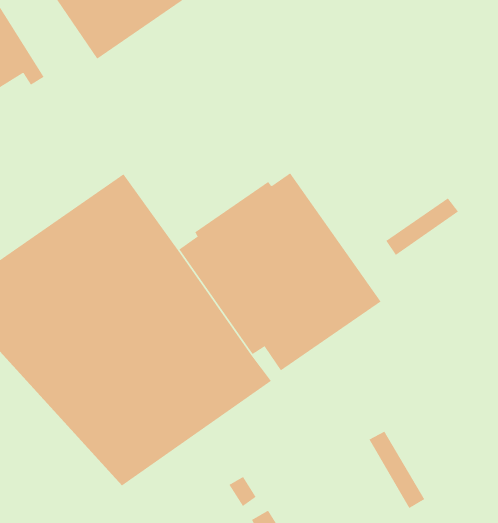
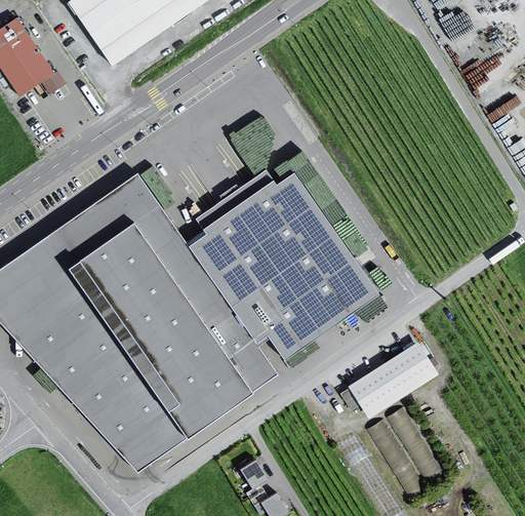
building: [385,198,459,256] -> none
building: none -> [338,340,438,414]
building: none -> [388,404,436,474]

